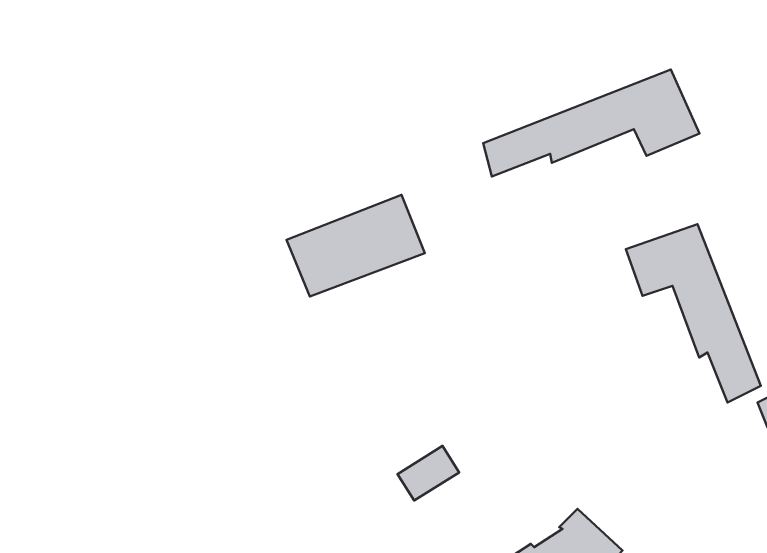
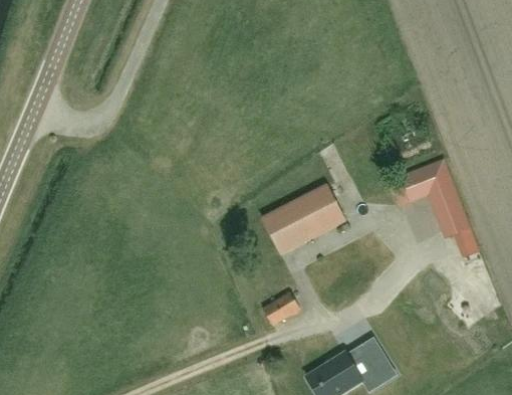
building: [483,70,699,176] -> none
building: [287,195,425,297] -> [258,195,341,256]

